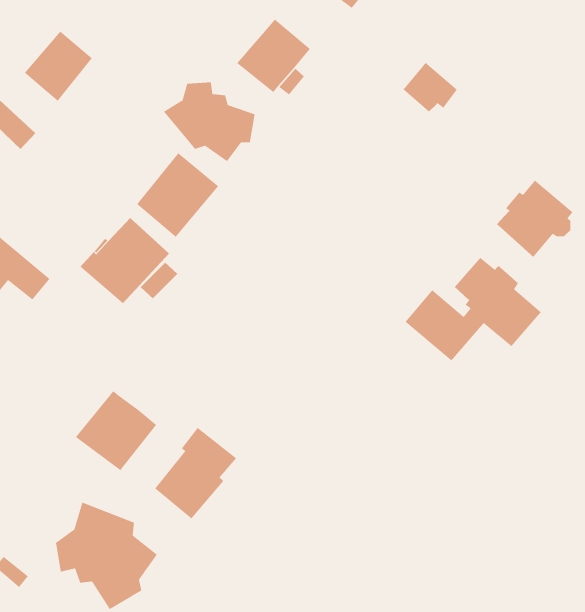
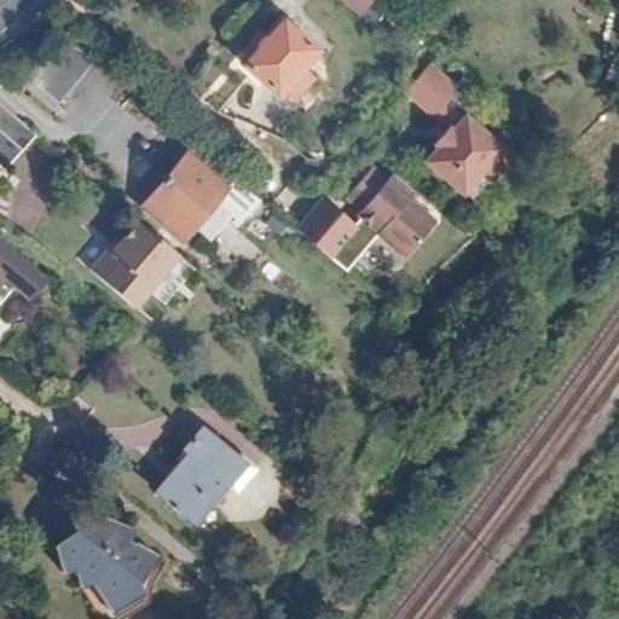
building: [163,81,256,162] -> none
building: [496,179,573,258] -> [427,116,504,195]
building: [404,257,542,361] -> [299,167,436,272]
building: [75,390,157,471] -> none

